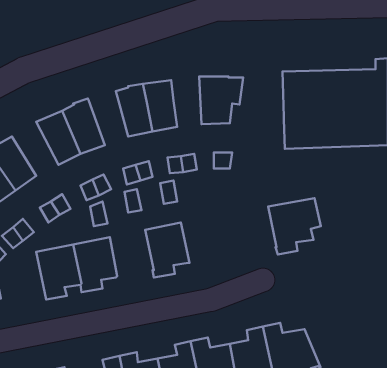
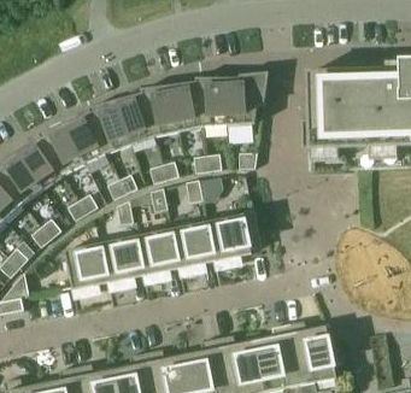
building: none -> [196,78,227,128]
building: none -> [115,93,154,146]
building: none -> [40,123,86,176]
building: [268,198,321,254] -> [206,213,258,269]
building: none -> [136,229,180,283]

